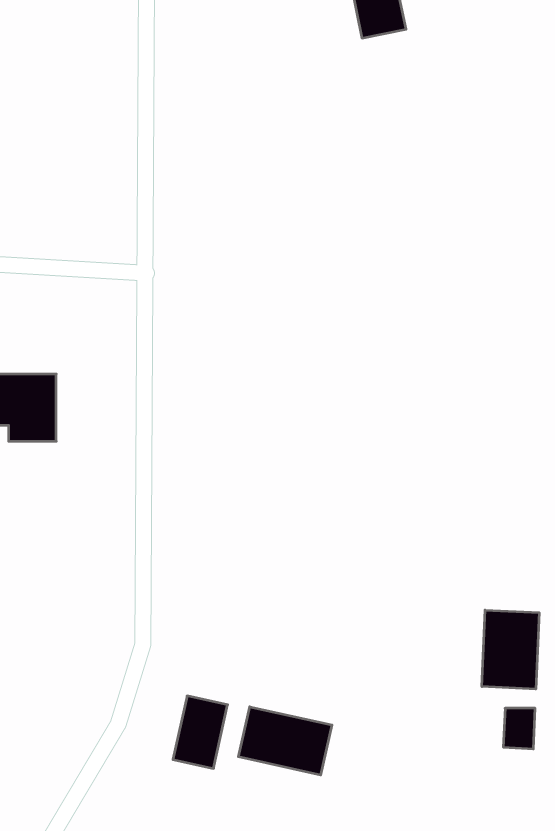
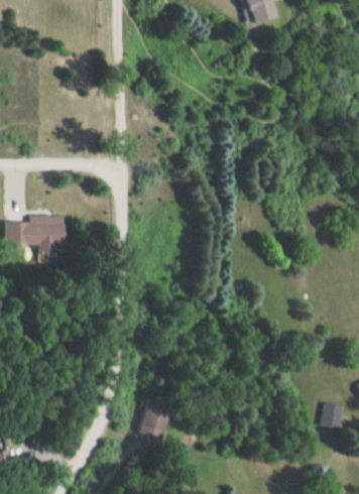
building: [482,610,539,689] -> none
building: [238,707,332,775] -> none

